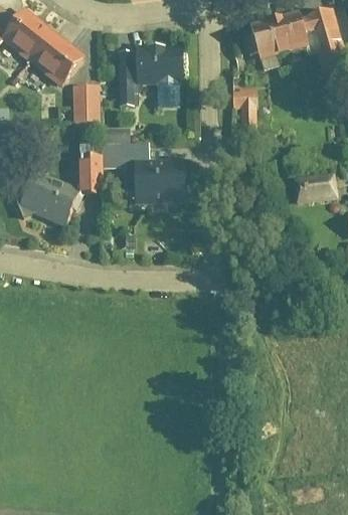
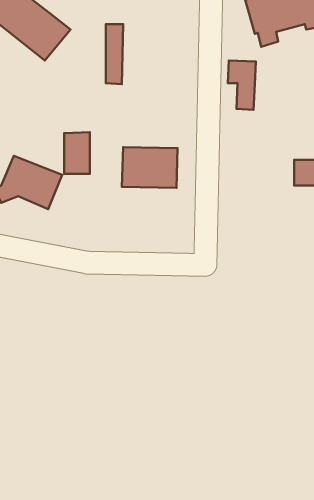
building: [136,48,183,107] -> none
building: [72,82,100,122] -> none
building: [105,134,149,166] -> none

